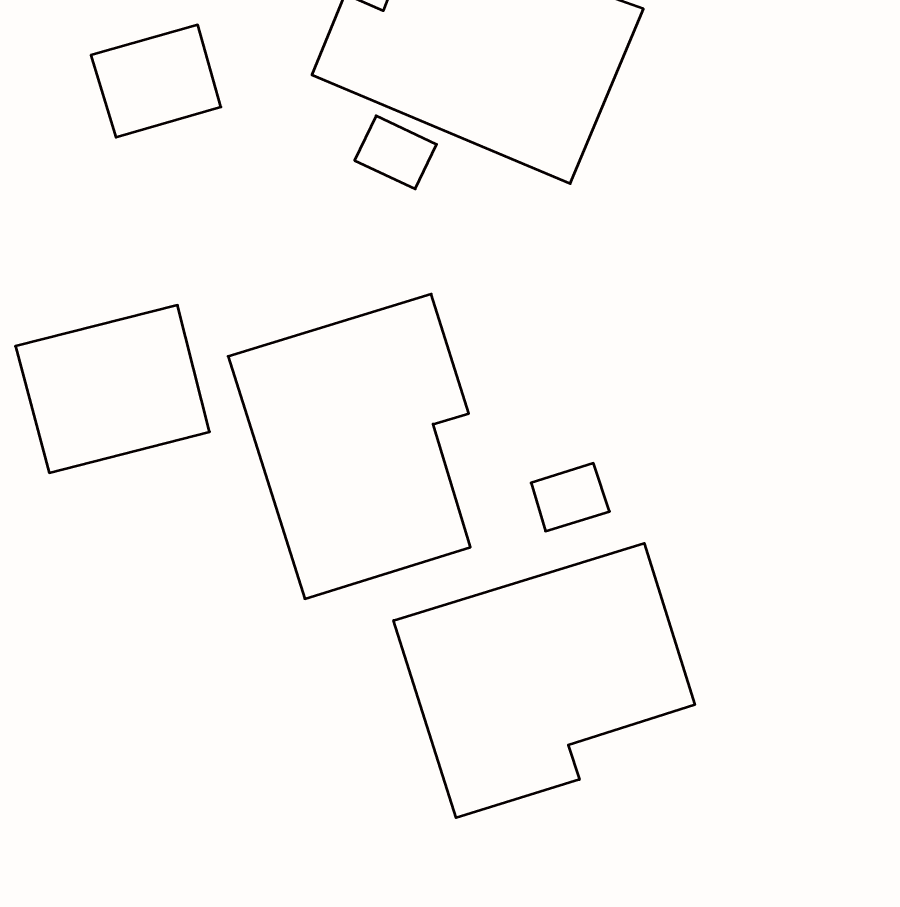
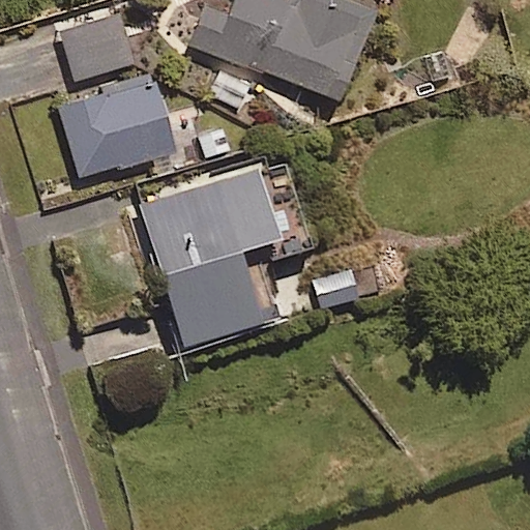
building: [15,305,210,473] -> [62,79,175,176]
building: [394,543,695,818] -> none

